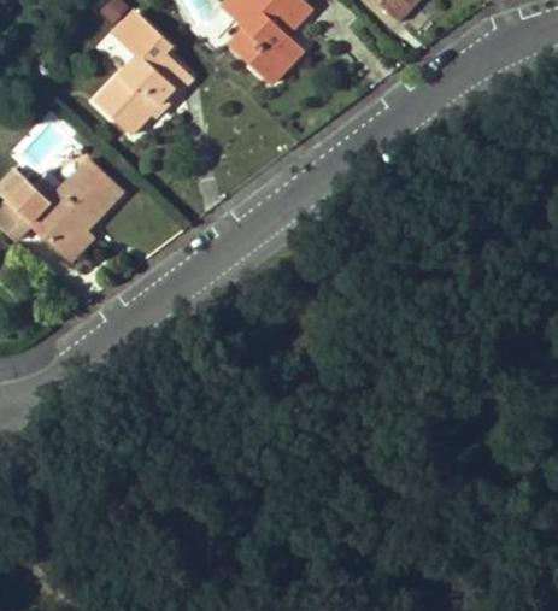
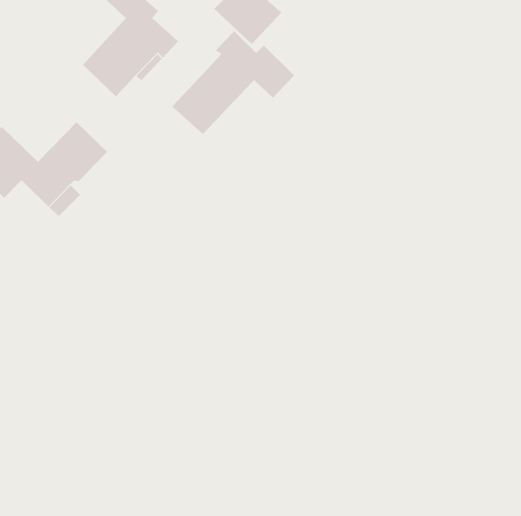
building: none -> [172,30,295,135]

